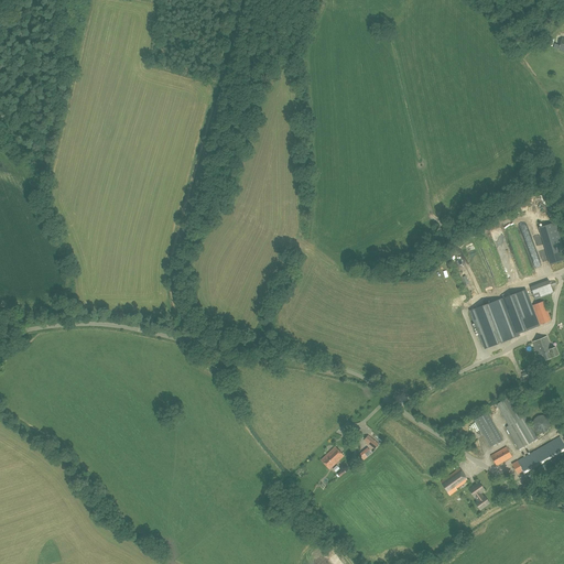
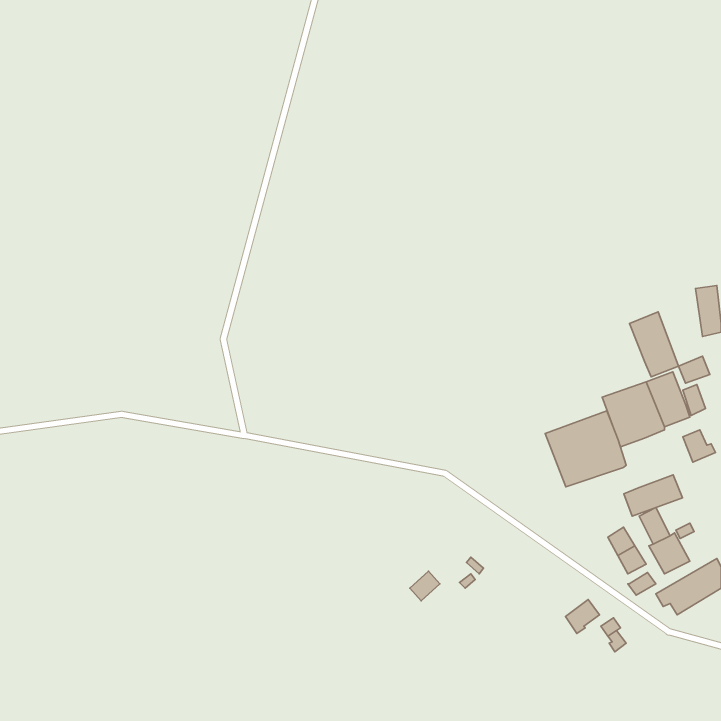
building: none -> [630,312,679,377]
building: none -> [545,411,626,487]
building: none -> [624,475,683,516]

